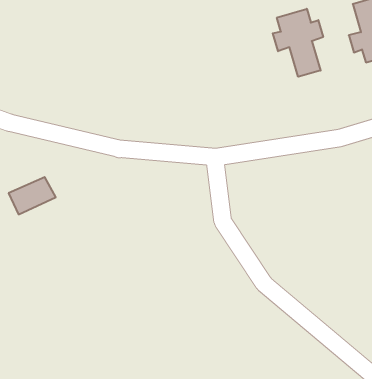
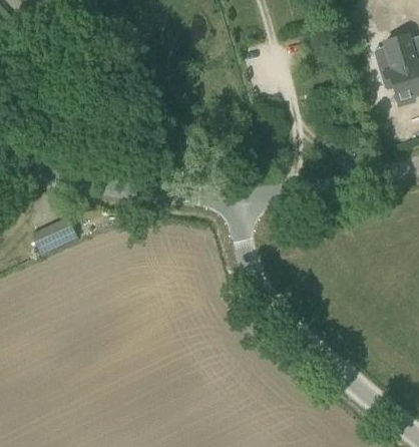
building: [273,9,323,77] -> none

